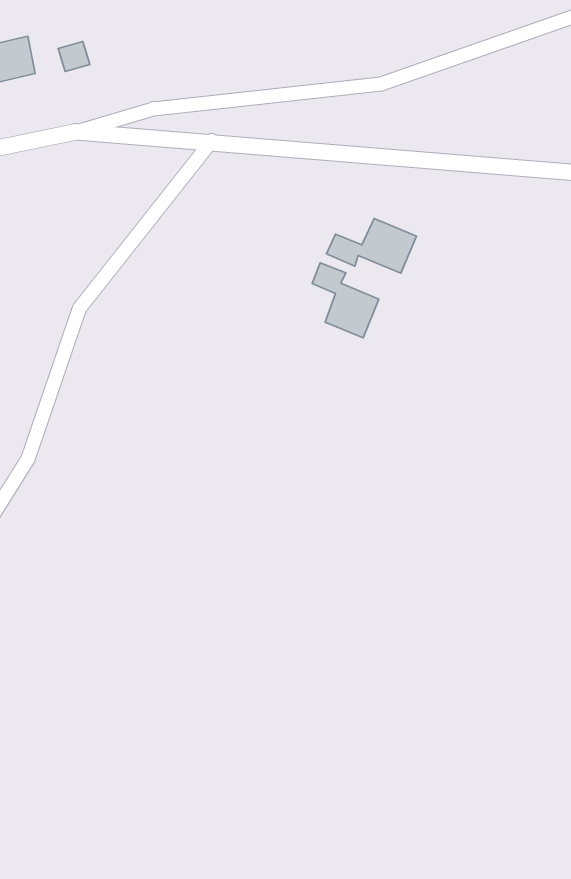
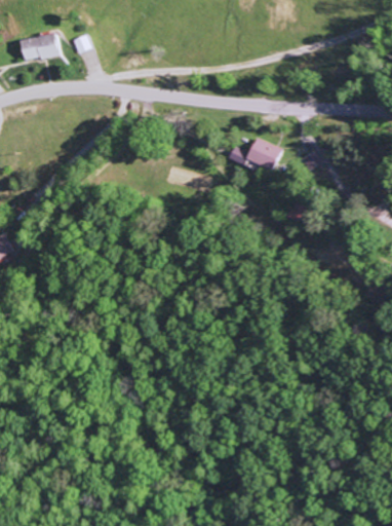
building: [312,263,379,338] -> none

